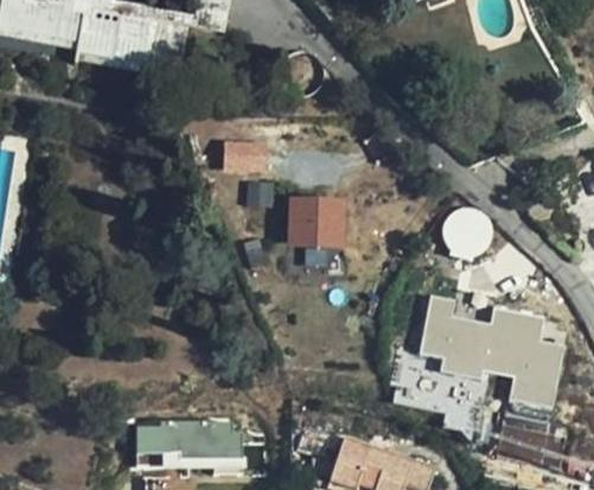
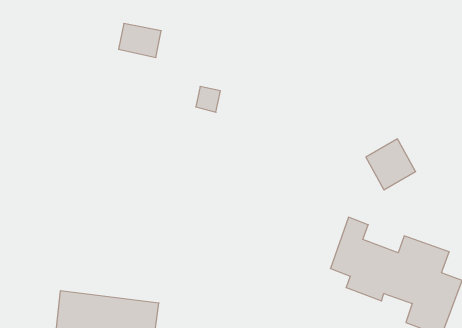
building: [225,140,268,171] -> [119,24,161,57]
building: [288,197,345,247] -> none

